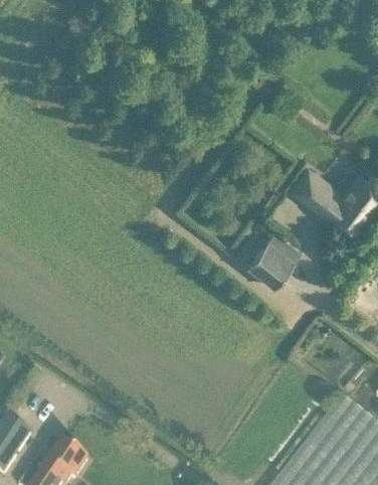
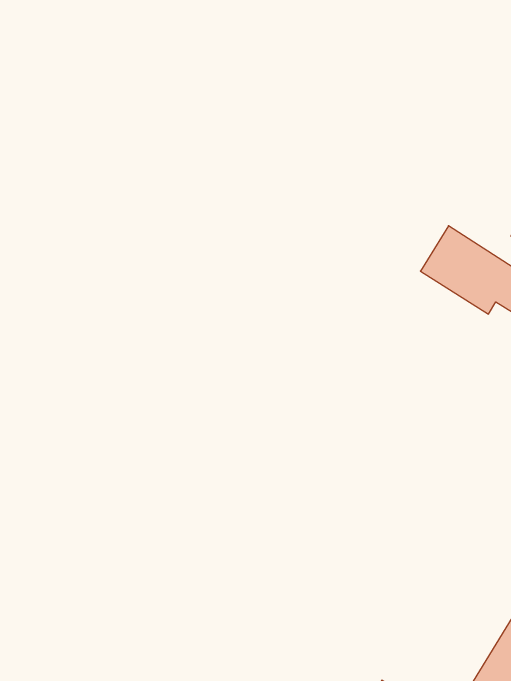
building: [250,242,295,287] -> none

